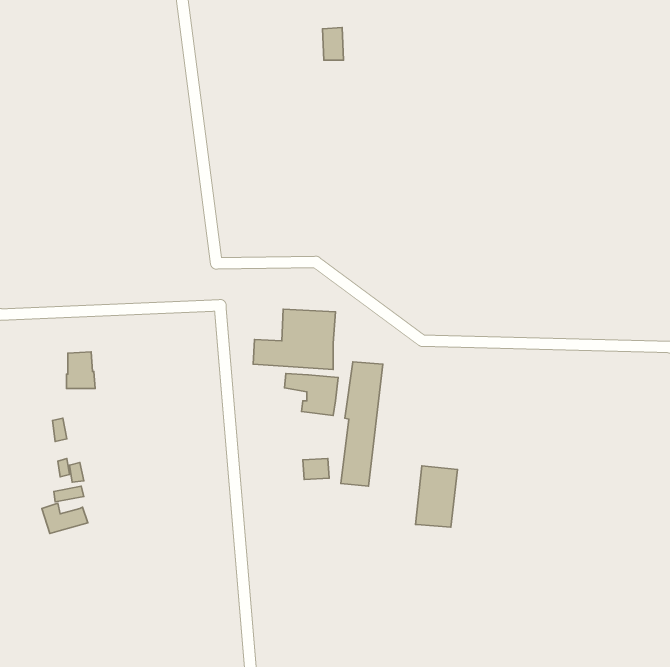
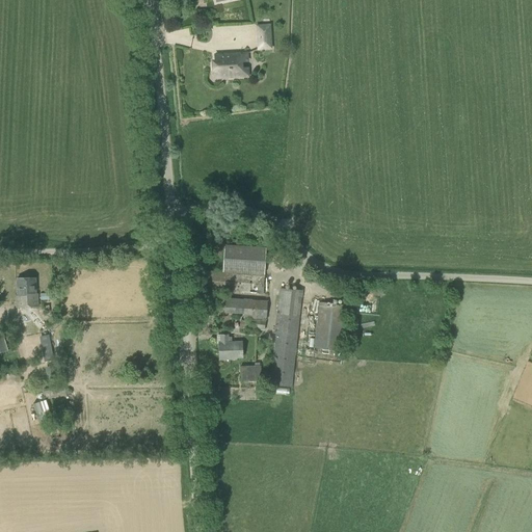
building: none -> [212,52,247,76]
building: [66,352,95,389] -> [16,276,38,305]
building: none -> [218,332,242,357]
building: [415,466,457,527] -> [314,300,347,349]

